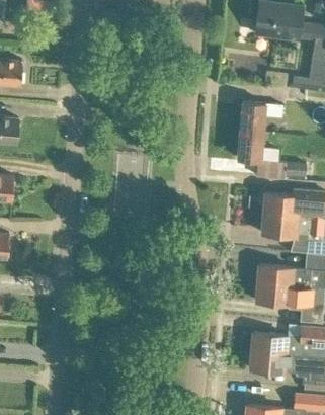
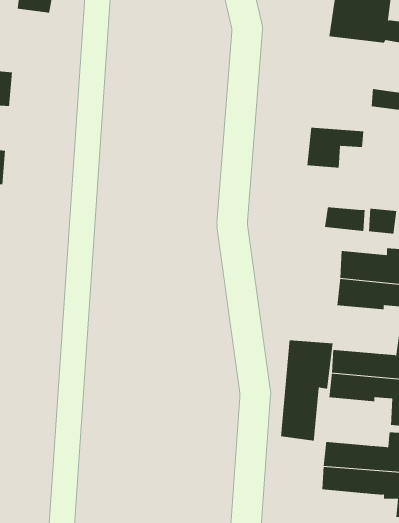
building: [237,130,278,162] -> none
building: none -> [280,340,333,441]

